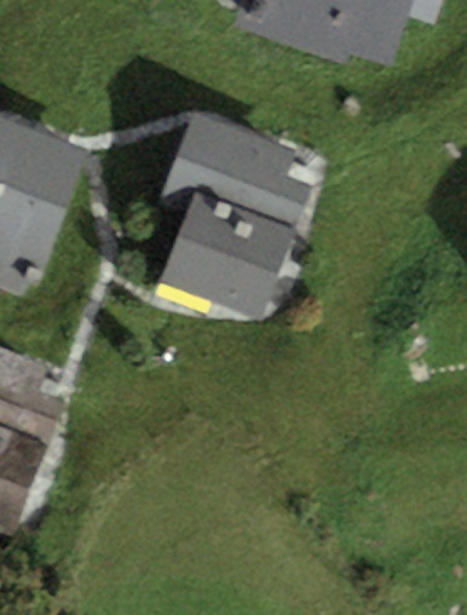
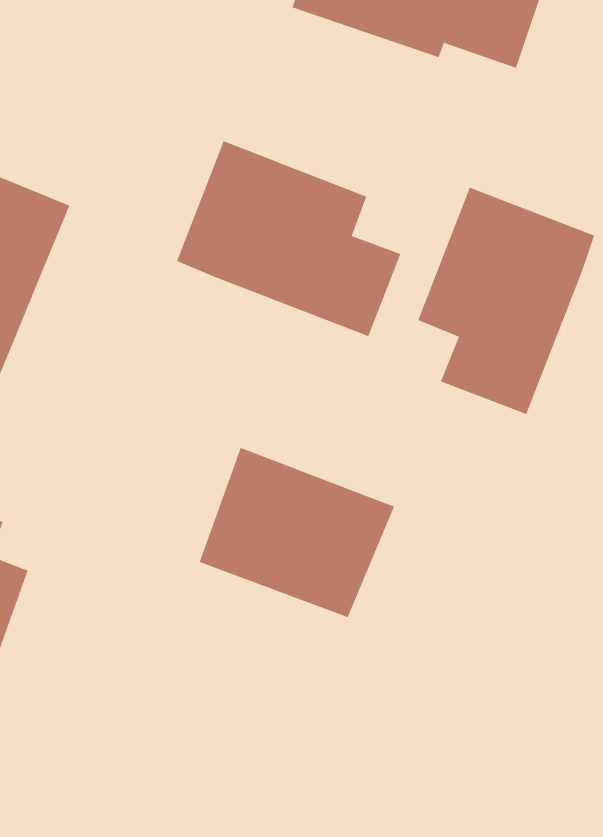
building: none -> [418,187,595,415]
building: [160,205,292,320] -> [199,447,395,618]

